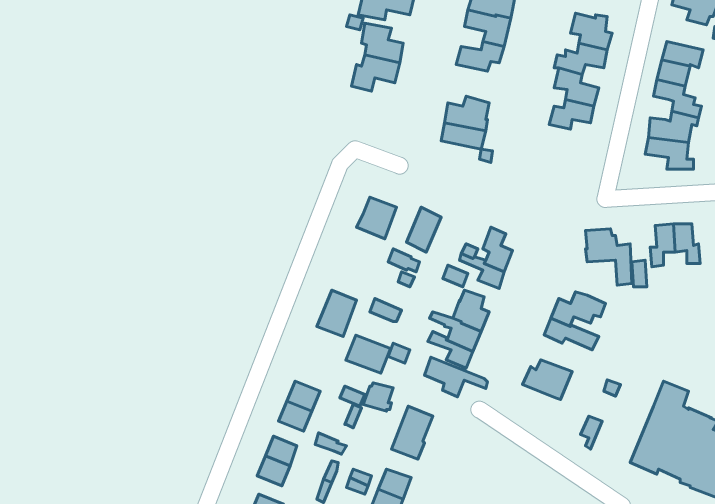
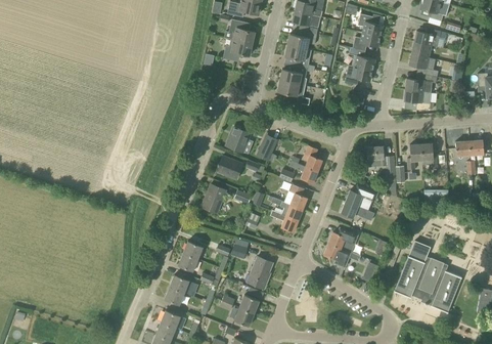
building: none -> [284,45,311,69]
building: [346,335,391,373] -> [215,156,242,179]
building: [424,357,487,397] -> [323,243,362,267]

